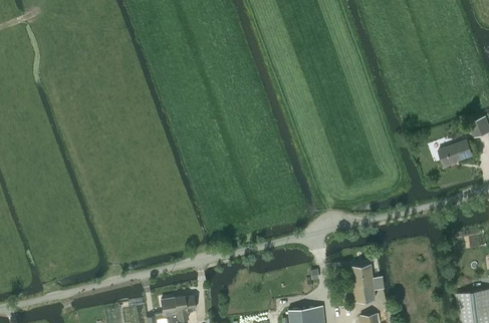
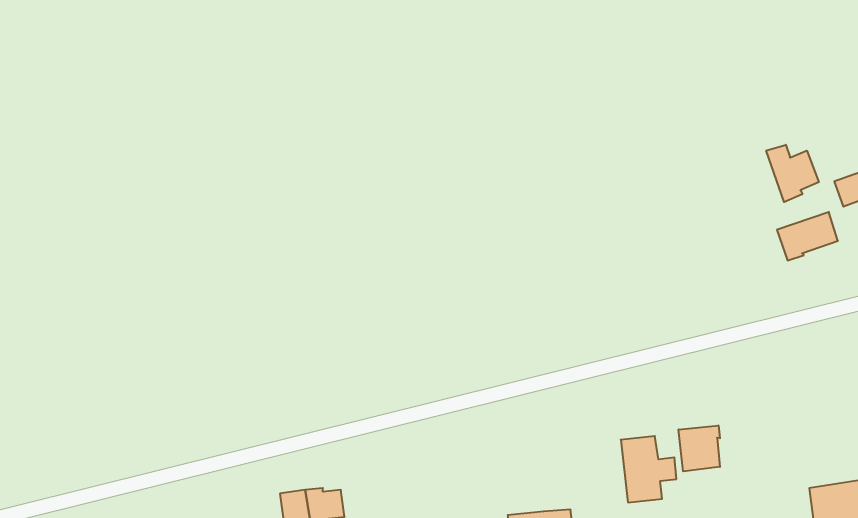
building: none -> [766,145,819,202]
building: none -> [679,425,720,471]

